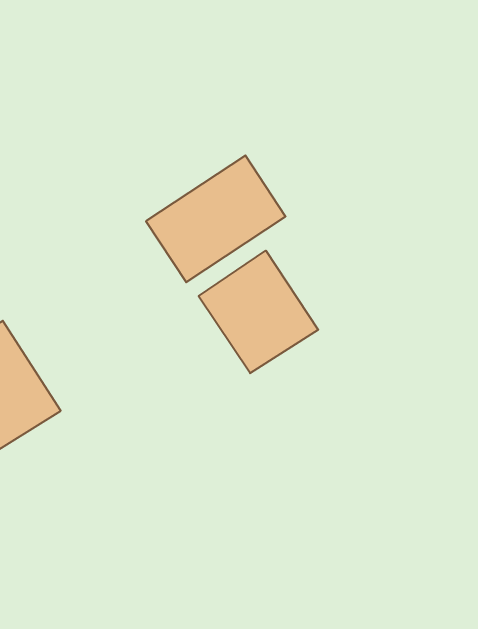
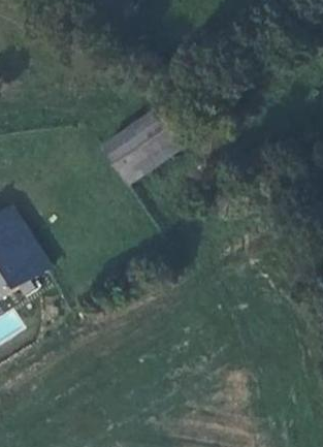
building: [199,251,318,373] -> none

